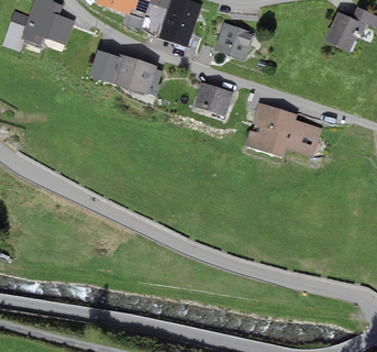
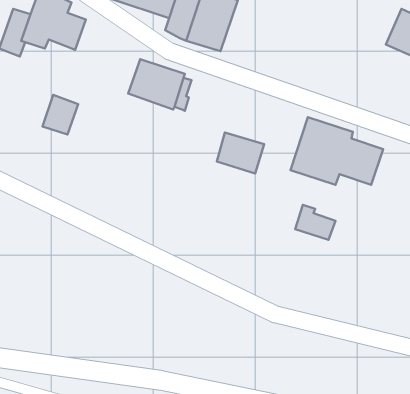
building: [214,22,255,61] -> none
building: [89,48,119,81] -> [43,95,78,134]
building: [193,81,233,116] -> [217,132,264,173]
building: none -> [295,205,335,240]

